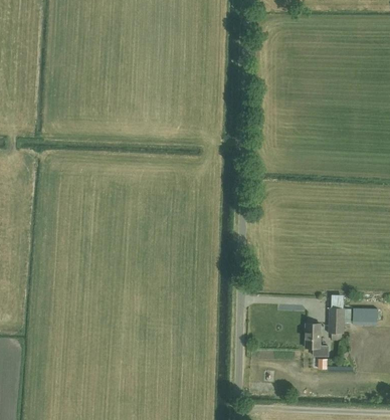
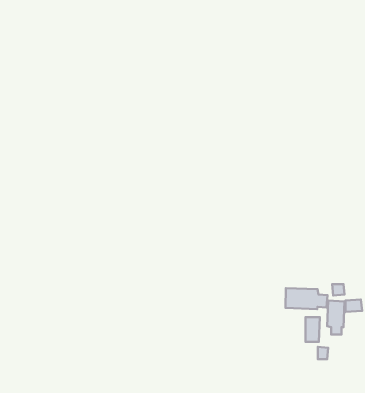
building: none -> [285,288,327,309]

